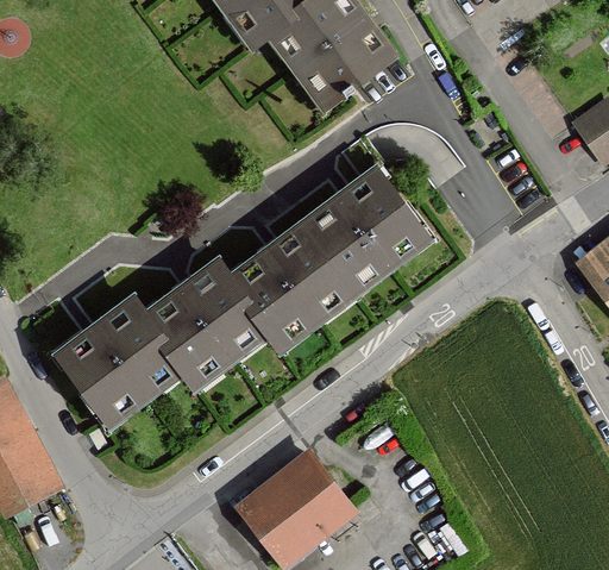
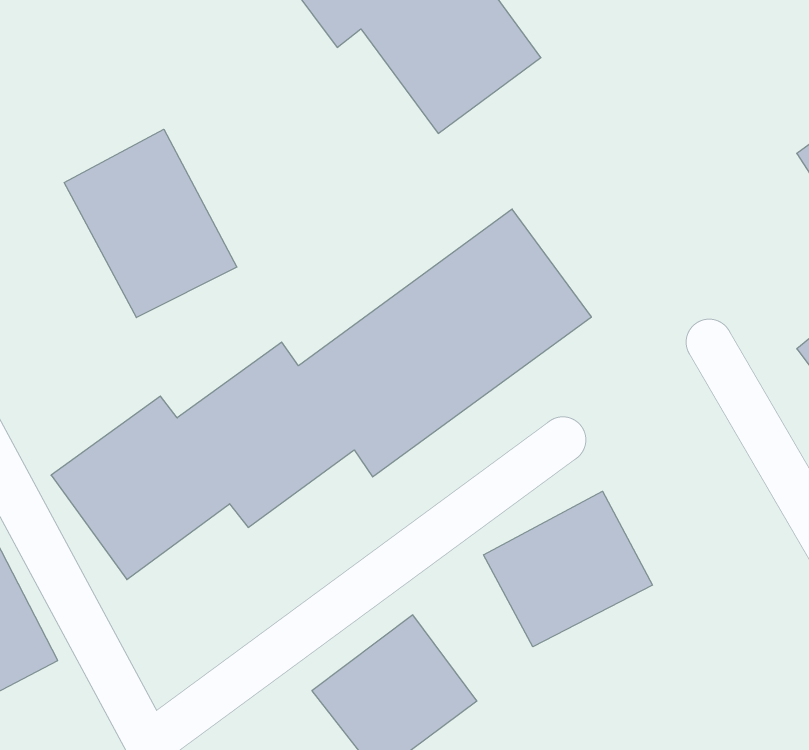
building: none -> [64,129,237,318]
building: none -> [484,491,652,647]

